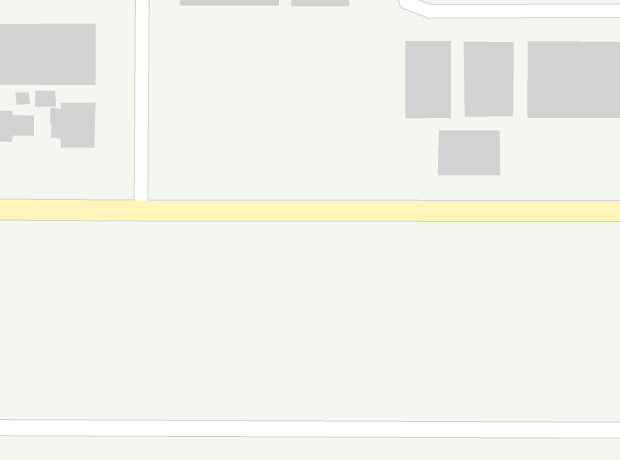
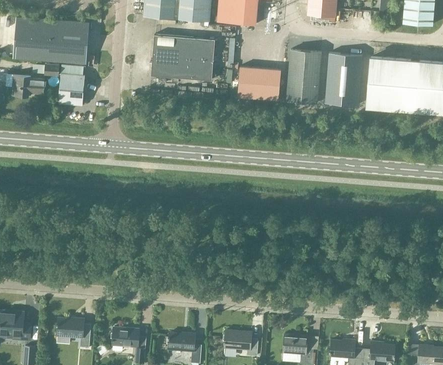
building: none -> [151,35,215,80]
building: [437,130,501,176] -> [237,67,281,100]

